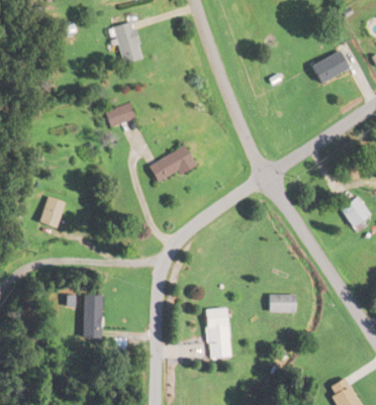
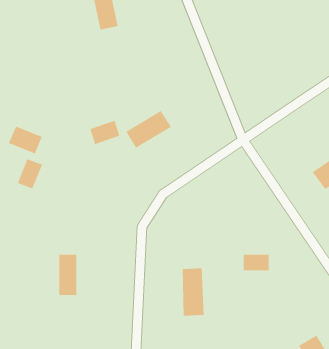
building: [311,54,346,85] -> none
building: [107,102,138,127] -> [90,120,120,145]
building: none -> [8,126,43,154]

